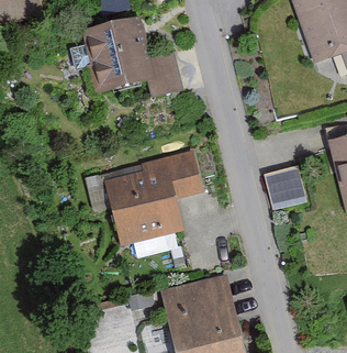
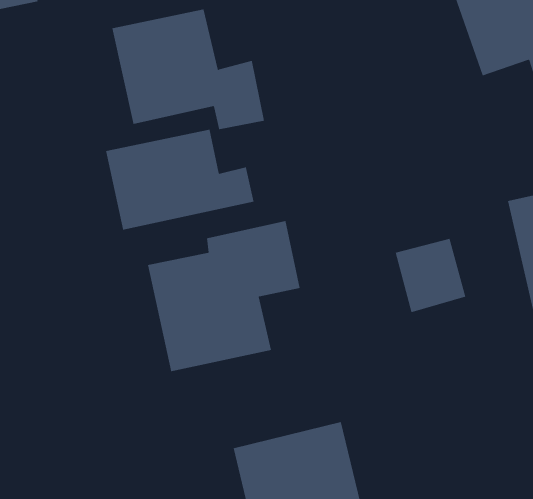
building: none -> [105,129,254,231]

